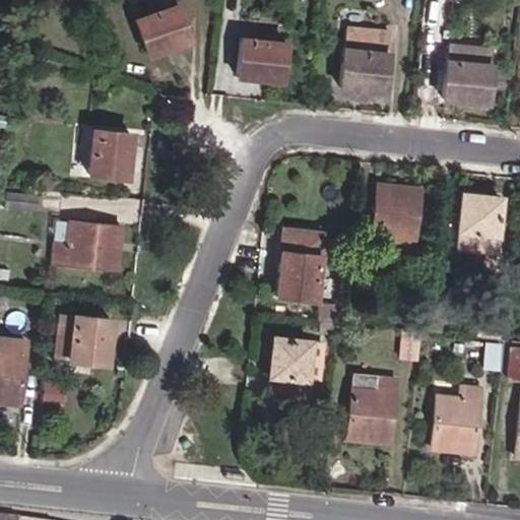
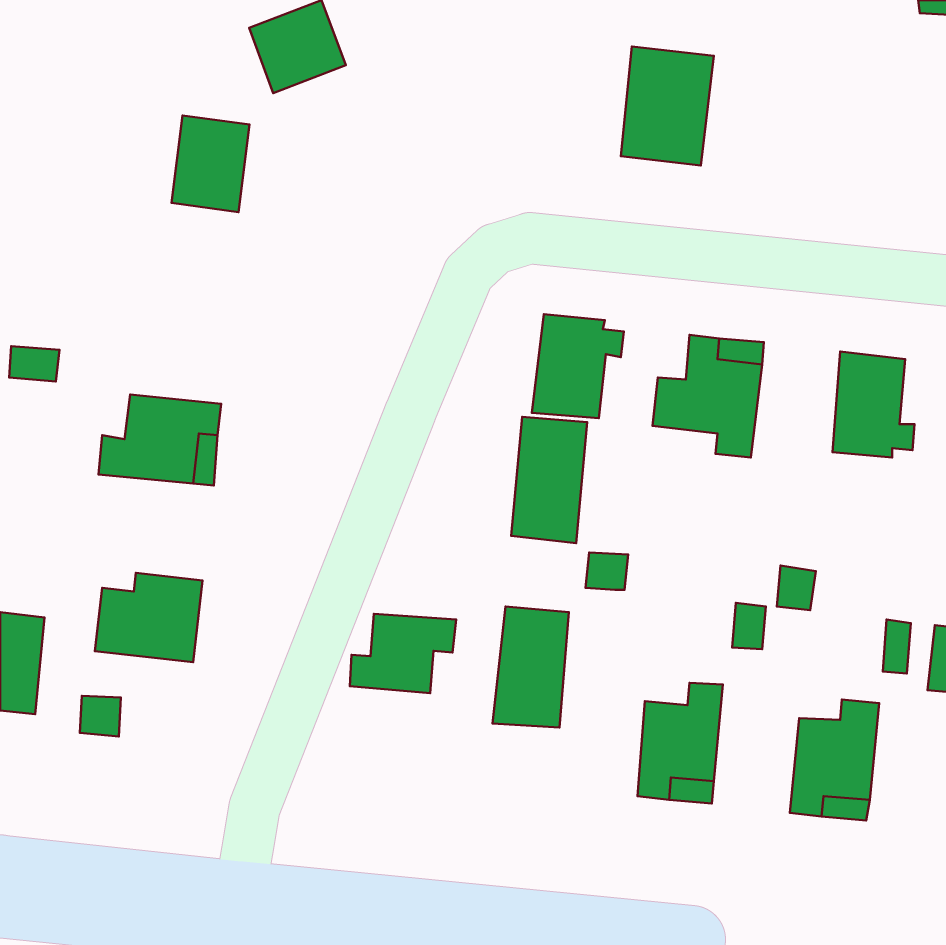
building: [240,41,284,83] -> none
building: [443,45,495,105] -> none
building: [90,126,133,179] -> [171,115,250,212]
building: none -> [532,314,624,418]
building: none -> [350,614,456,693]

